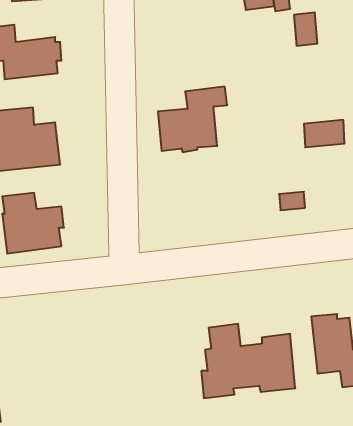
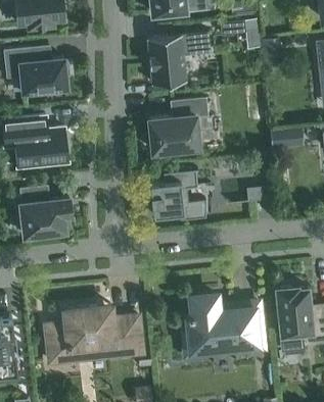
building: none -> [148,32,211,85]
building: none -> [146,170,206,220]
building: none -> [46,306,142,362]

